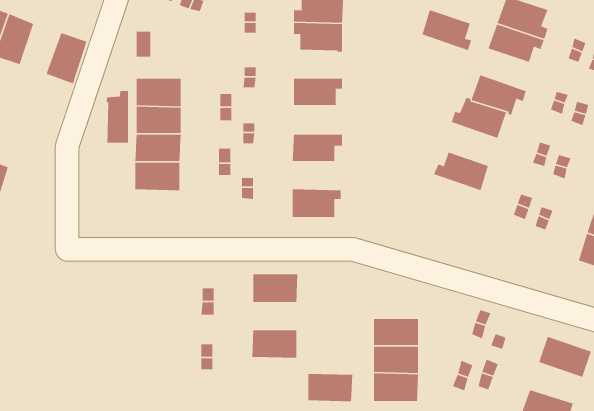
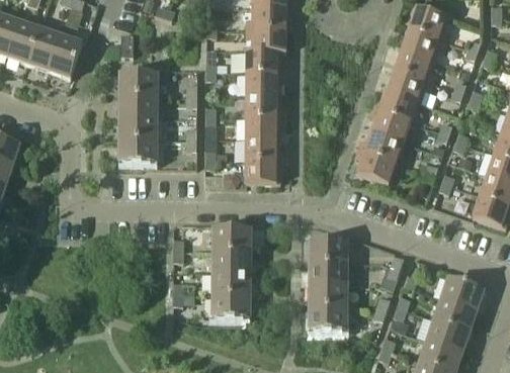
building: [421,9,472,51] -> [395,49,435,82]
building: none -> [28,28,61,69]
building: none -> [246,49,285,72]
building: [106,90,129,144] -> none
building: none -> [246,94,285,116]
building: none -> [368,107,409,142]
building: none -> [245,138,284,161]
building: none -> [354,149,396,183]
building: none -> [310,240,346,263]
building: none -> [214,251,249,272]
building: none -> [434,298,477,331]
building: [308,373,353,402] -> [212,294,249,317]

